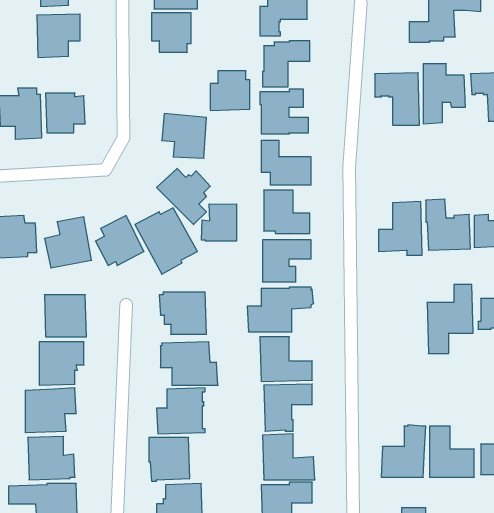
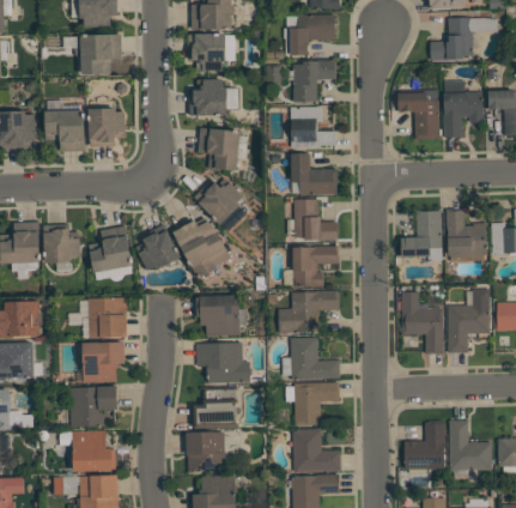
building: [210,71,250,110] -> [189,79,226,116]
building: [202,204,236,241] -> none
building: none -> [400,292,443,353]

